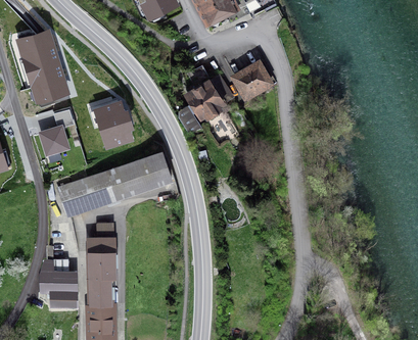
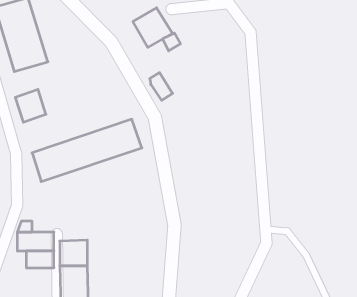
building: [231,60,273,101] -> none
building: [184,80,225,120] -> [133,8,172,47]
building: [92,100,135,151] -> none
building: [83,224,112,281] -> none

